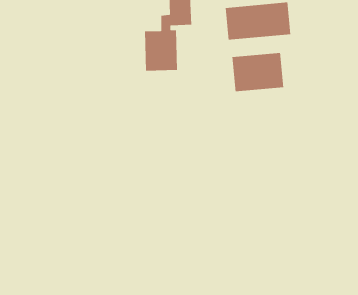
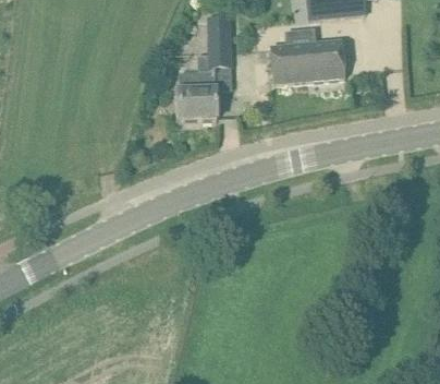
building: [232,52,284,92] -> none

